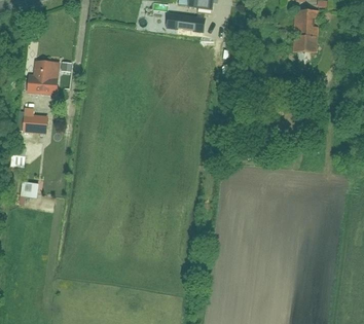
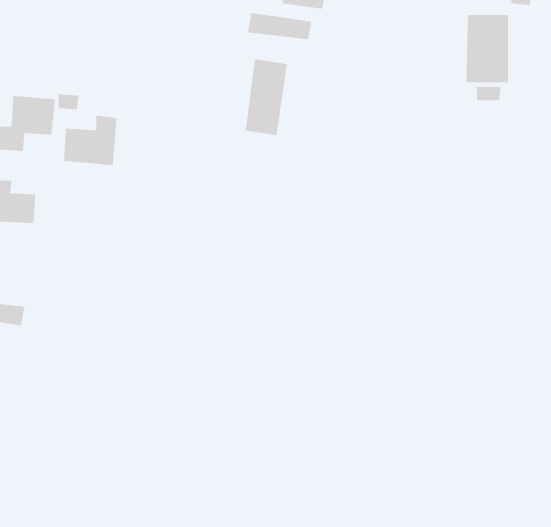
building: none -> [245,59,287,136]
building: none -> [63,115,117,166]

